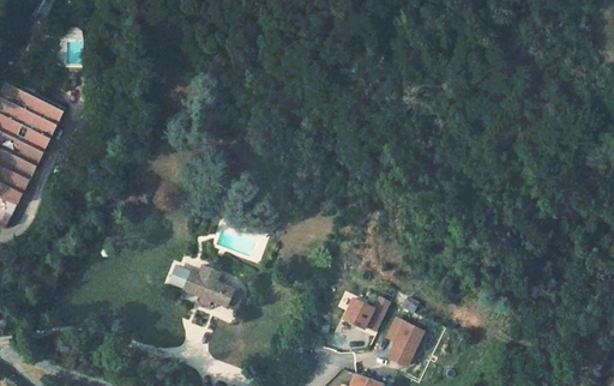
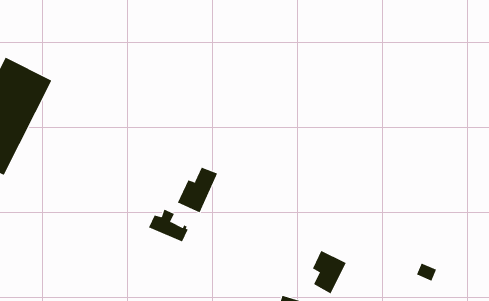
building: none -> [177,167,218,213]
building: [341,294,389,333] -> none

